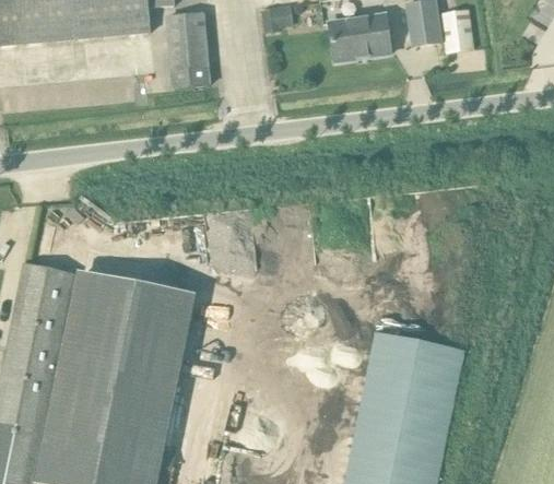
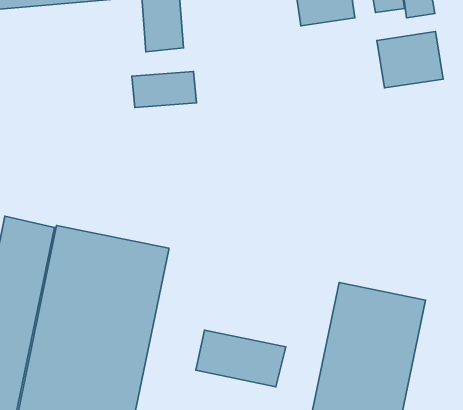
building: none -> [377,32,443,88]
building: none -> [132,72,197,107]
building: none -> [196,330,286,387]

